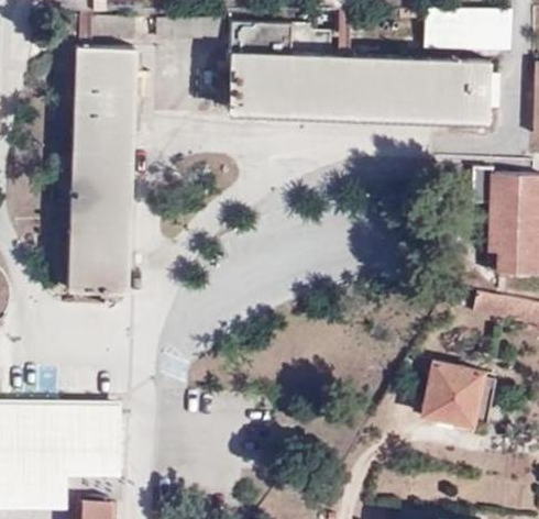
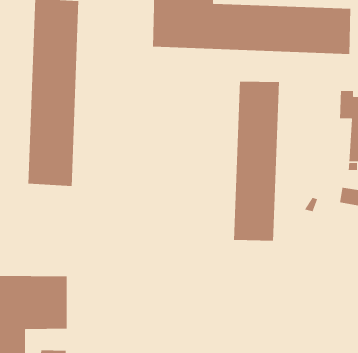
building: none -> [233,81,280,241]
building: [421,361,483,428] -> none

